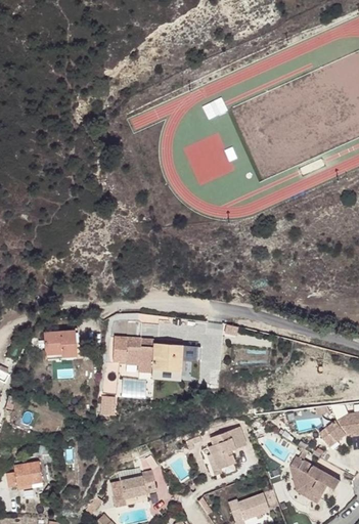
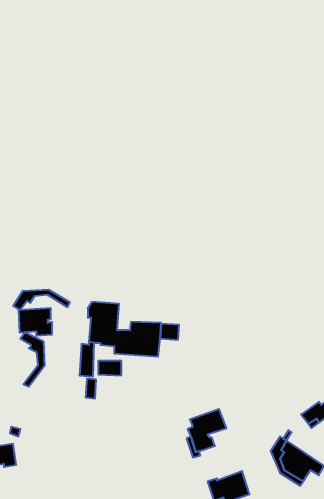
building: none -> [13,290,70,310]
building: none -> [20,332,44,387]
building: [121,473,156,499] -> none

